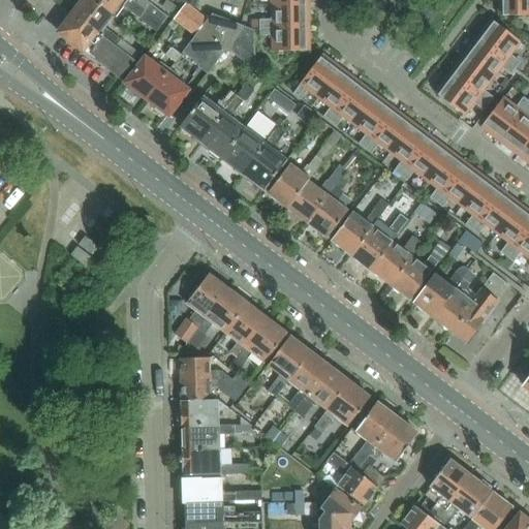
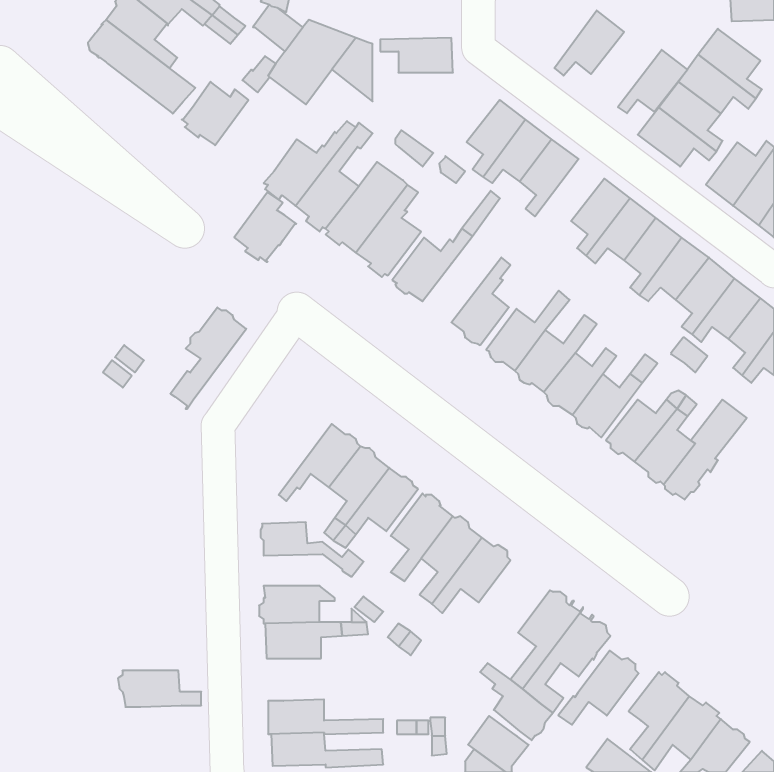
building: [258,4,308,27] -> none
building: [293,54,341,98] -> [554,10,624,76]
building: [147,68,189,116] -> [234,192,296,262]
building: [365,108,412,152] -> [618,50,688,113]
building: [288,165,345,220] -> none
building: [175,275,226,344] -> [170,307,246,409]
building: [178,378,240,402] -> none
building: [313,382,368,433] -> [558,651,639,725]
building: [178,449,235,474] -> [118,671,201,707]

